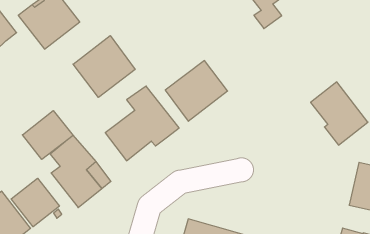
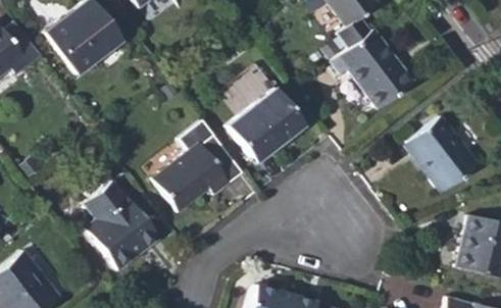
building: none -> [332,30,414,109]
building: [73,36,135,97] -> none
building: [22,111,73,159] -> none
building: [11,178,59,227] -> none

